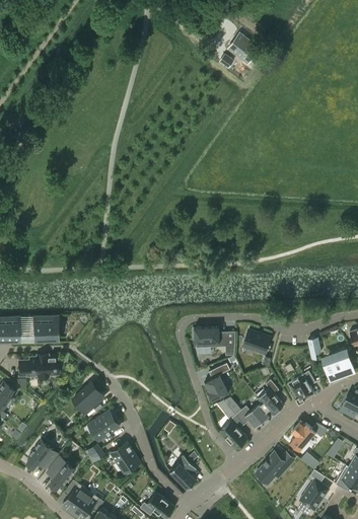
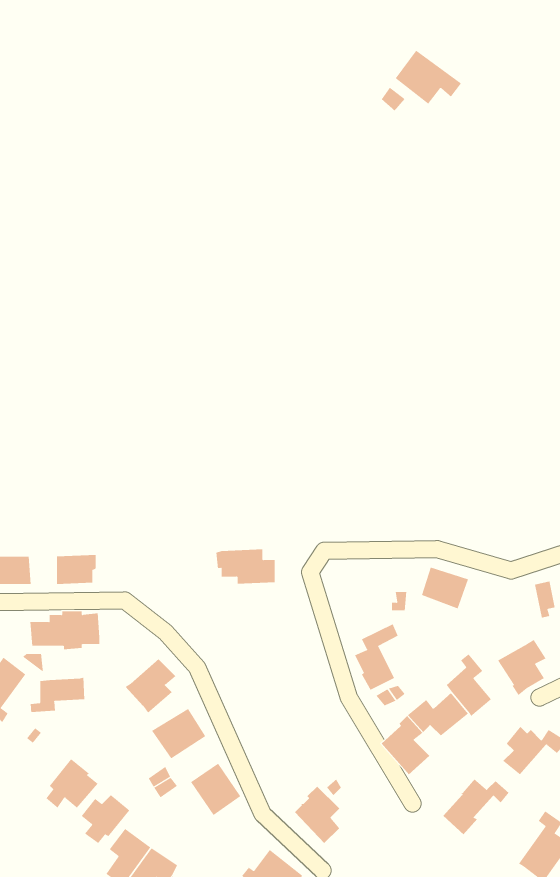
building: [191,326,225,347] -> [216,549,276,584]
building: none -> [30,677,85,713]

